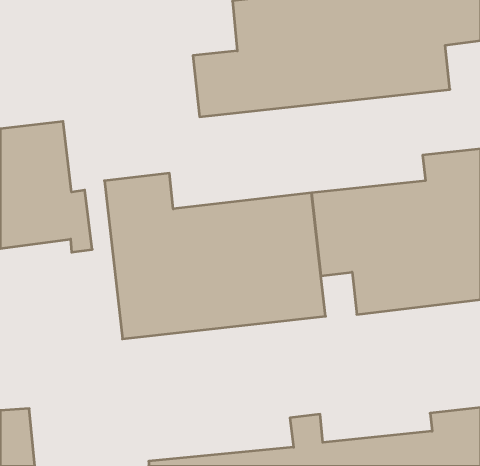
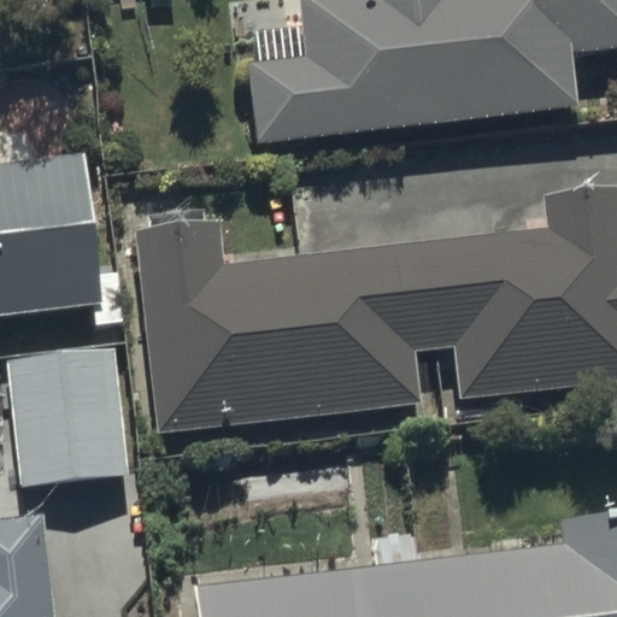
building: none -> [7,348,124,488]

